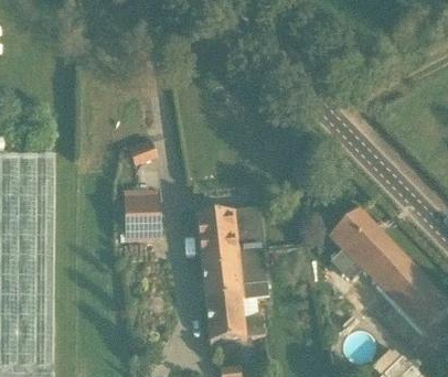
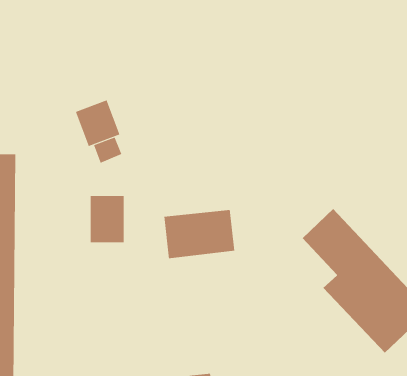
building: none -> [75,100,120,147]
building: [200,246,268,338] -> none

